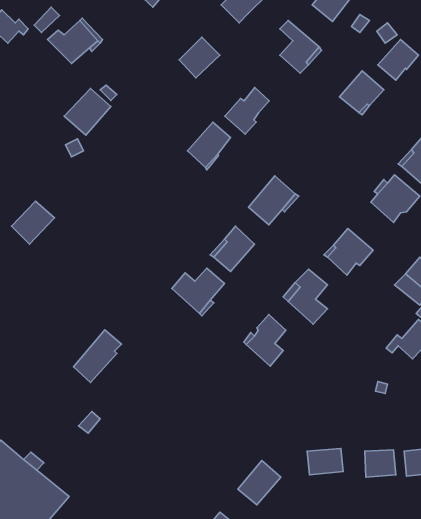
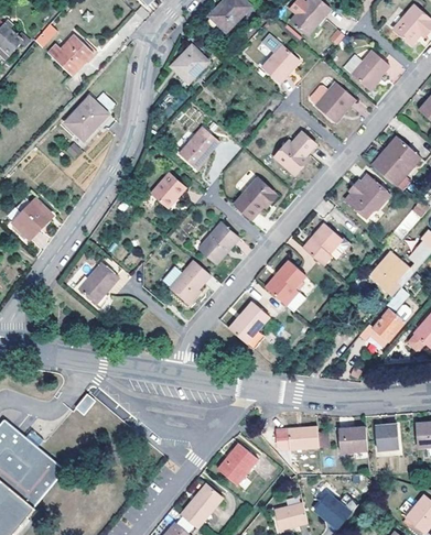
building: [225,88,269,134] -> [276,132,316,175]
building: none -> [150,173,184,208]
building: [74,330,122,382] -> [78,255,122,304]

